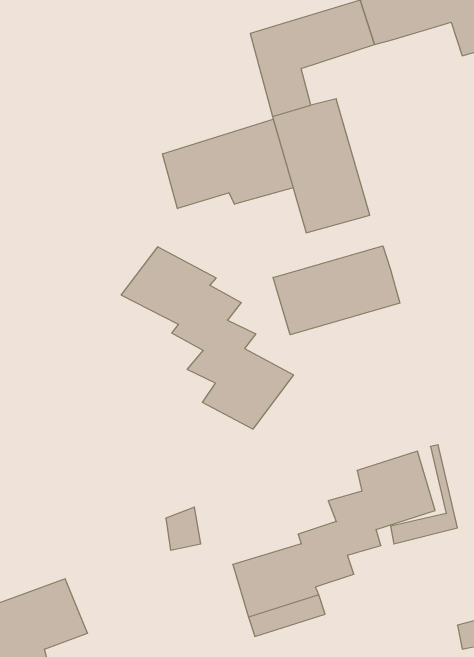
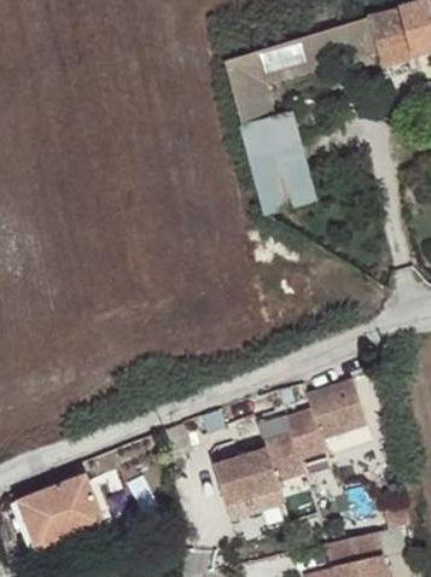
building: [163,119,293,209] -> none
building: [273,246,400,335] -> none
building: [121,247,293,429] -> none

